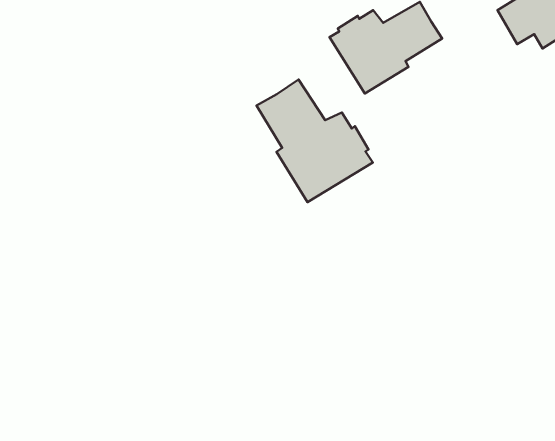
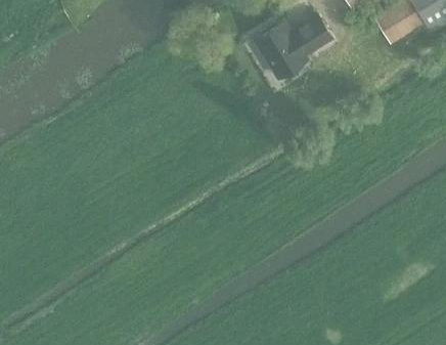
building: [256,80,373,202] -> none

